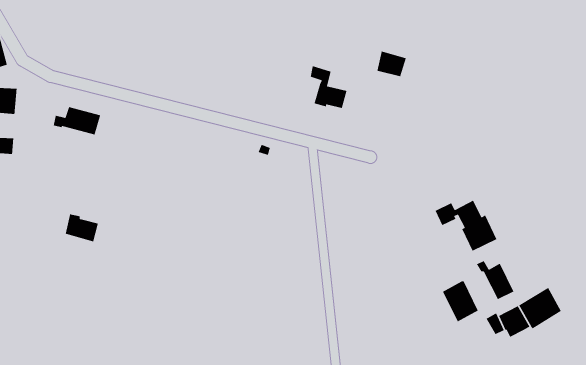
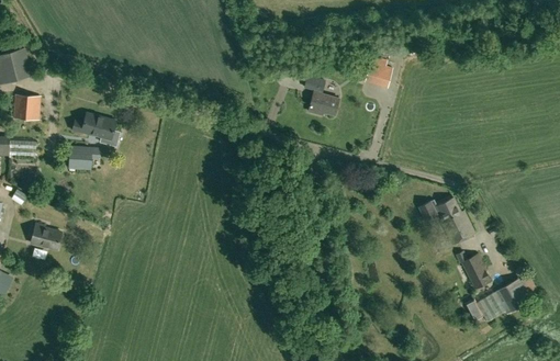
building: none -> [67,146,99,171]
building: [65,213,99,243] -> [30,224,60,250]
building: [442,280,479,322] -> none

